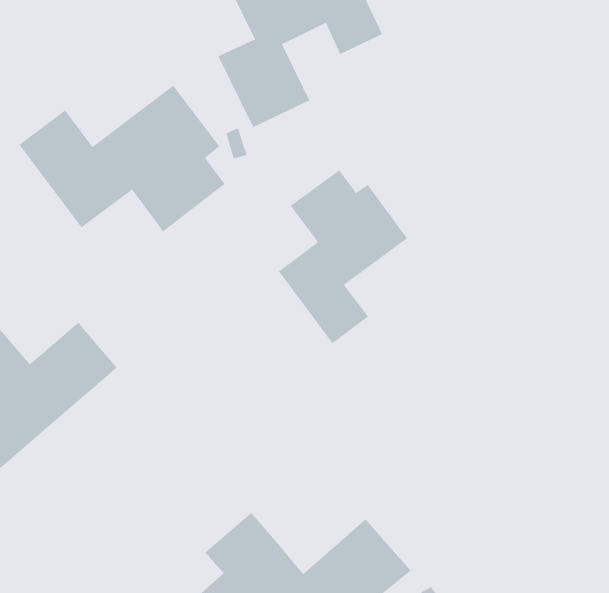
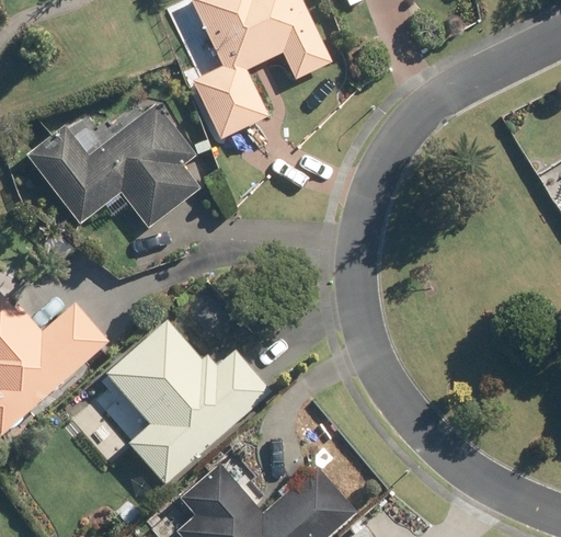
building: [278,170,408,344] -> none
building: none -> [107,322,270,483]

